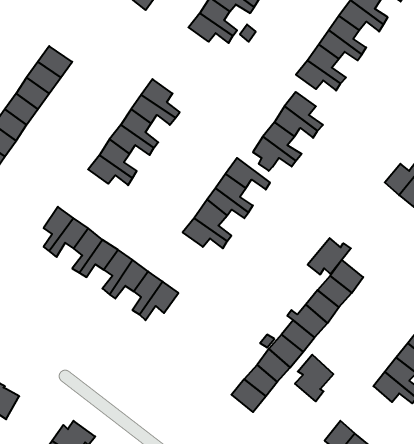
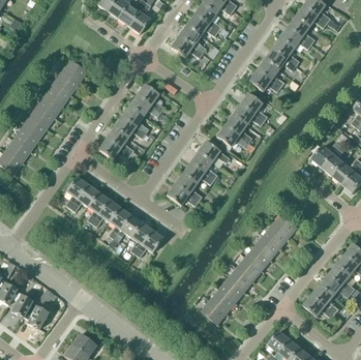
building: [308,238,351,275] -> none
building: [295,355,333,401] -> none

